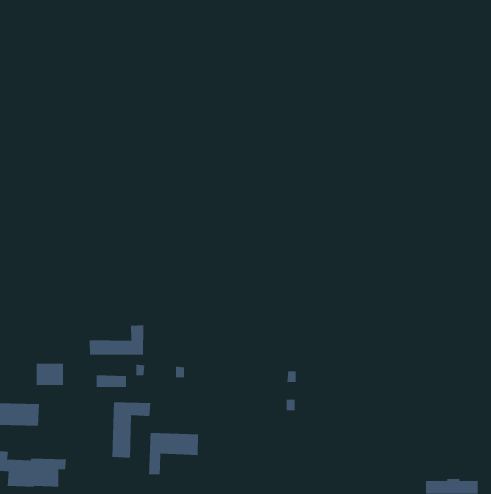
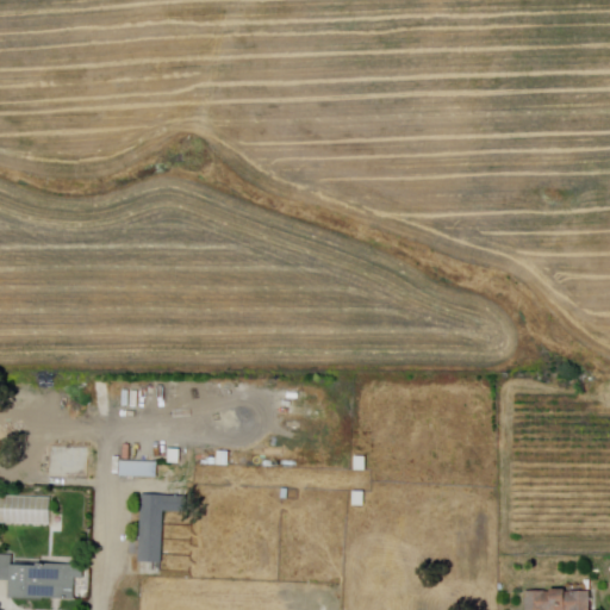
building: [89,325,144,355] -> none
building: [148,432,199,475] -> none

